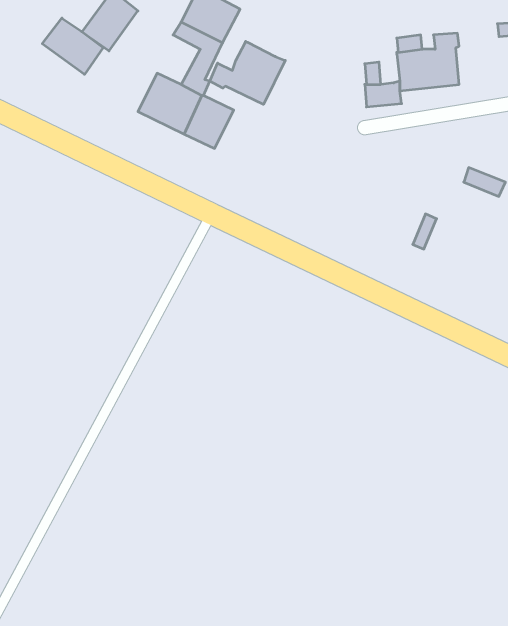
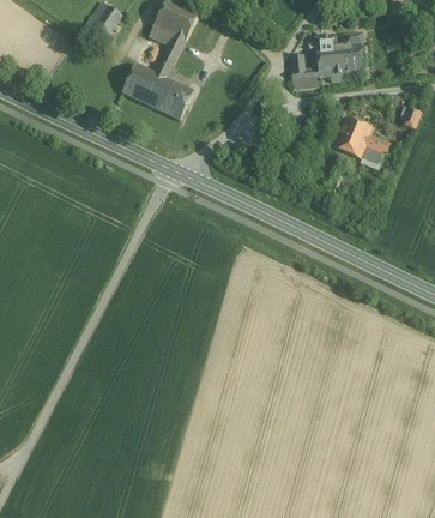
building: [42,18,103,74] -> none
building: [210,41,285,104] -> none
building: none -> [334,118,371,156]

